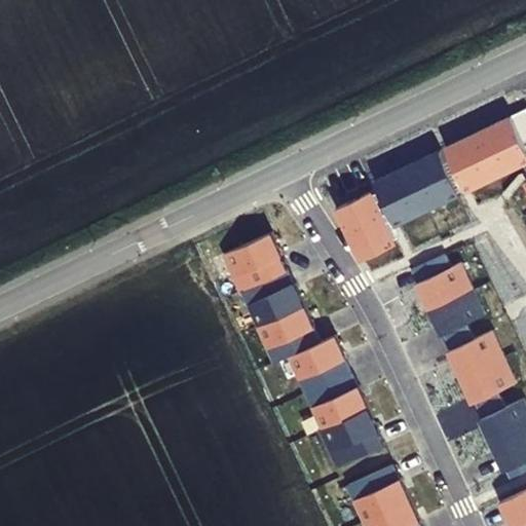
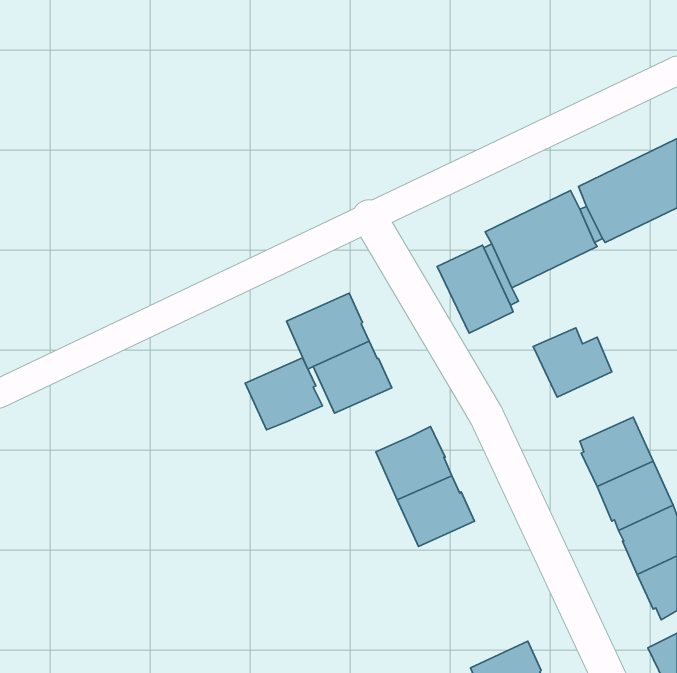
building: [429,293,488,346] -> none
building: [258,305,317,361] -> [245,358,322,430]
building: [321,408,381,464] -> none
building: [346,464,407,521] -> none

